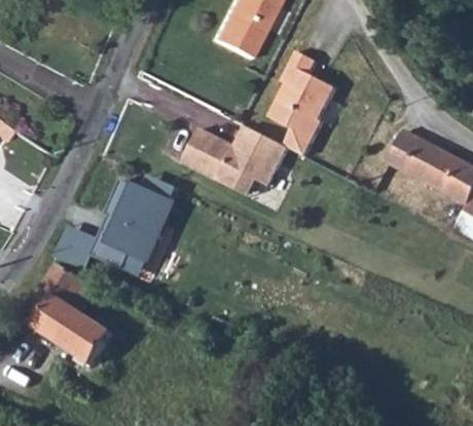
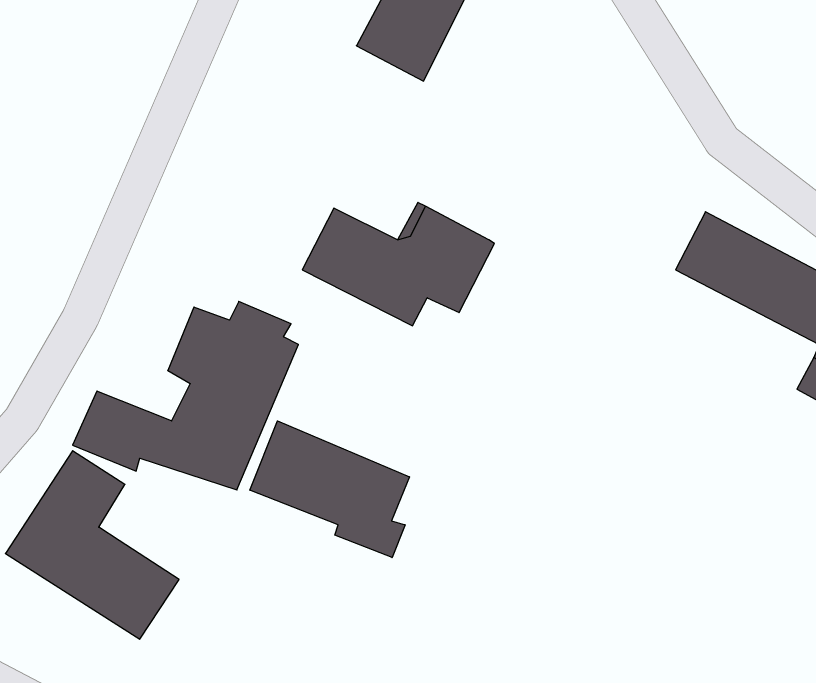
building: [268,49,335,155] -> none
building: none -> [250,421,409,558]

